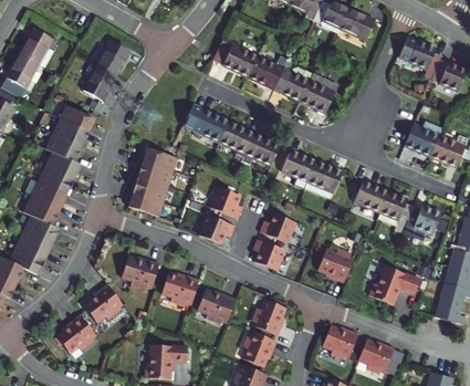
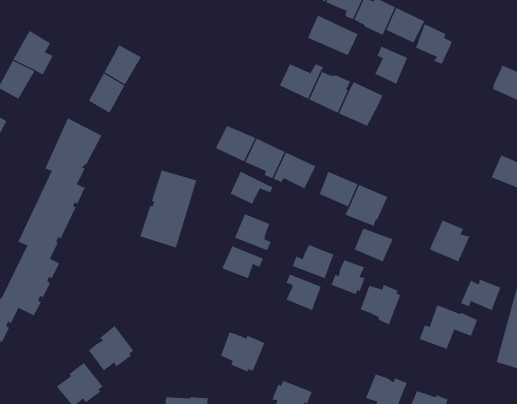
building: [409,40,441,75] -> [415,24,453,65]
building: [212,41,257,76] -> [307,15,359,56]
building: none -> [375,46,408,85]
building: [404,125,439,156] -> none
building: none -> [230,171,274,205]
building: [354,182,388,212] -> [354,228,393,262]
building: [404,206,439,233] -> [460,279,501,311]
building: none -> [331,259,365,295]
building: [121,255,159,290] -> none
building: [160,272,199,306] -> none
building: [251,299,285,335] -> none

